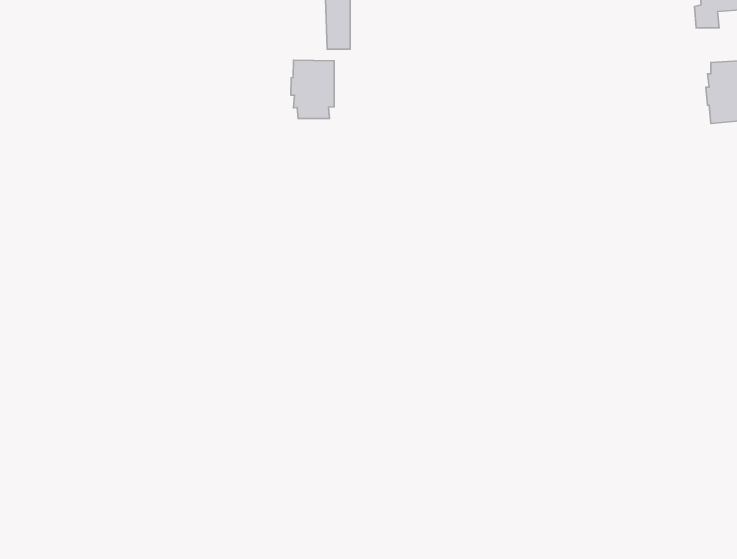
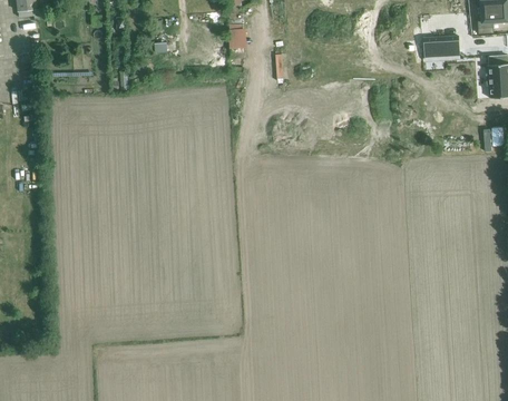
building: none -> [424,36,460,59]
building: [291,60,334,119] -> none

